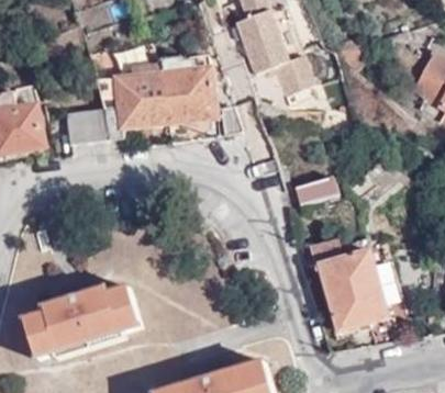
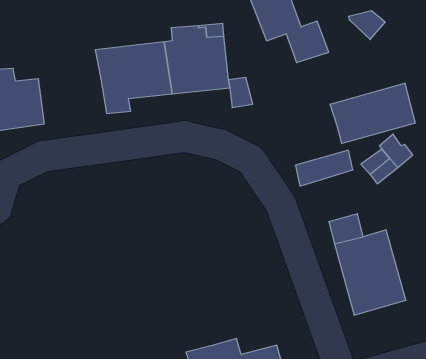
building: [66,106,102,145] -> none
building: none -> [330,83,415,144]
building: [23,281,142,360] -> none

